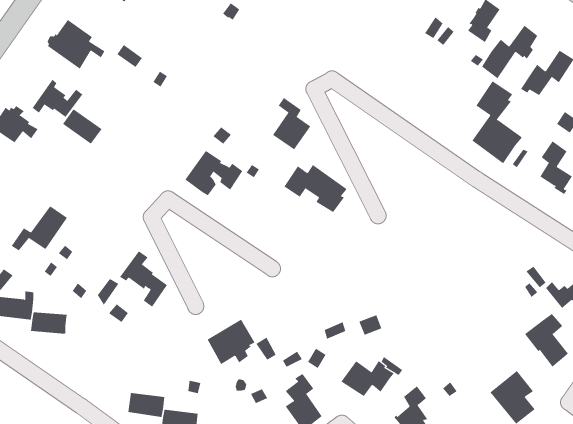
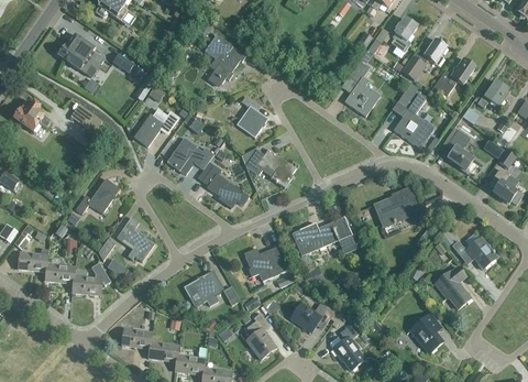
building: none -> [204,34,245,85]
building: none -> [344,63,381,116]
building: [32,79,83,118] -> none
building: none -> [134,111,178,146]
building: none -> [198,161,249,207]
building: [11,205,68,251] -> [75,177,120,214]
building: none -> [374,186,428,226]
building: none -> [293,215,359,254]
building: none -> [244,245,288,280]
building: none -> [73,261,111,294]

